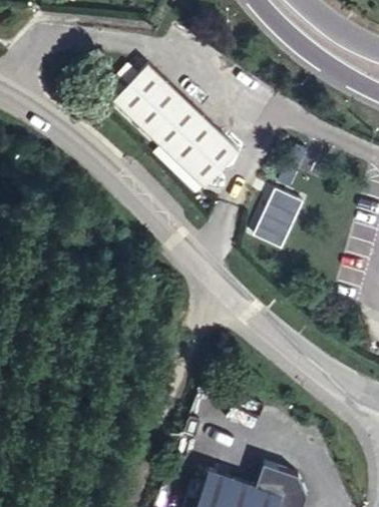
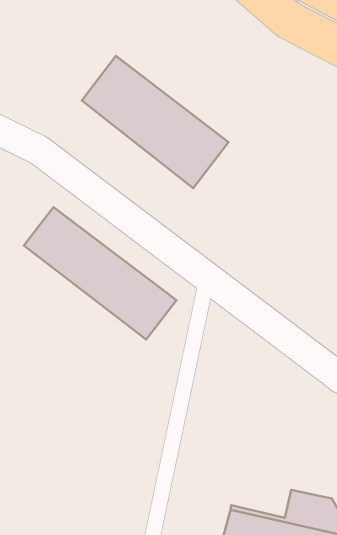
building: [252,187,304,248] -> none
building: none -> [24,207,176,340]

